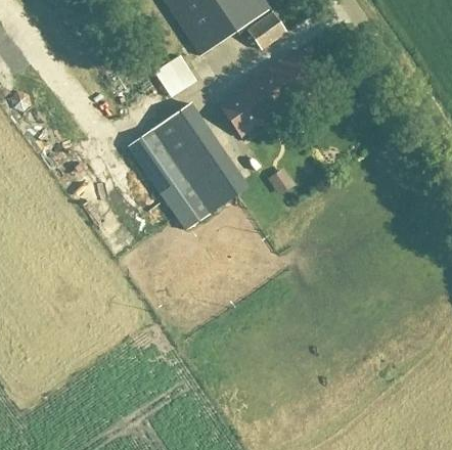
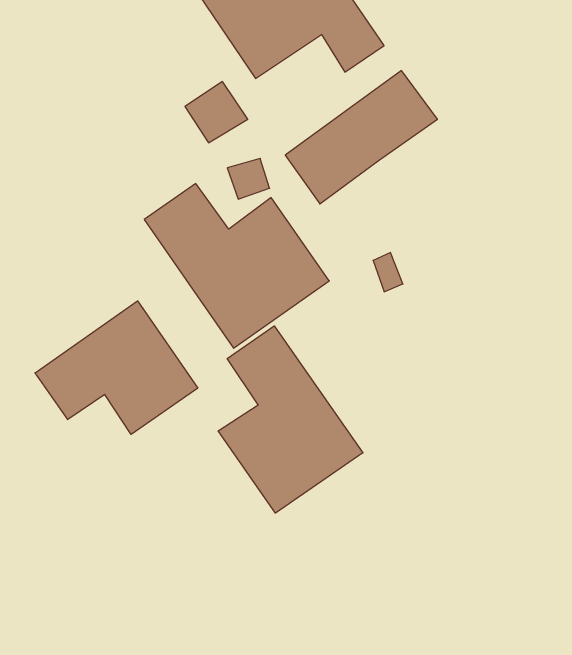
building: none -> [35,301,198,434]
building: none -> [218,326,363,513]

